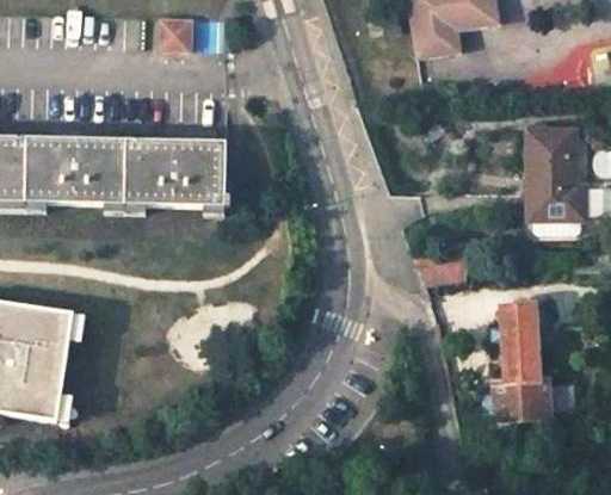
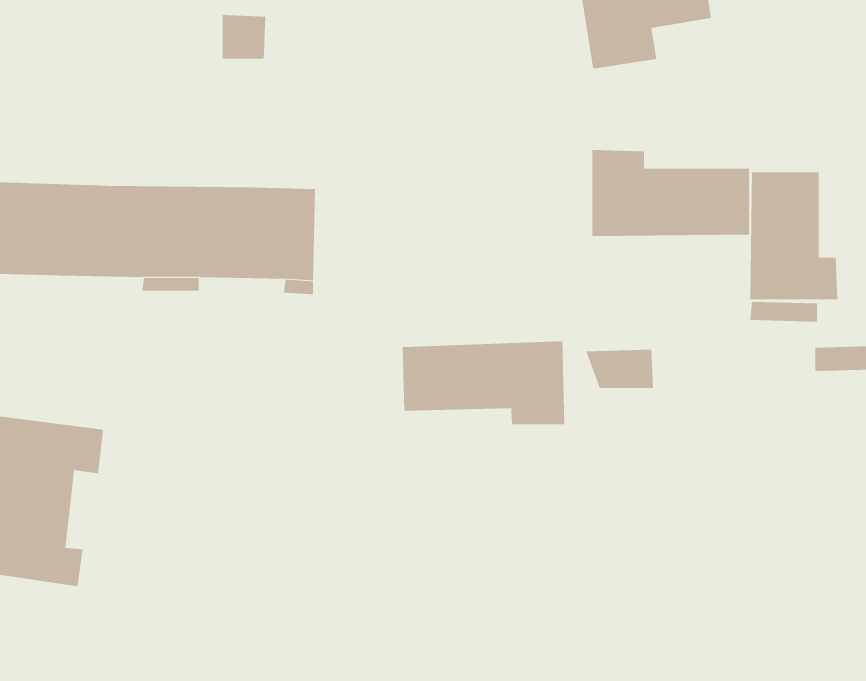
building: none -> [592,149,749,237]
building: none -> [402,341,565,425]
building: [495,303,550,419] -> none

